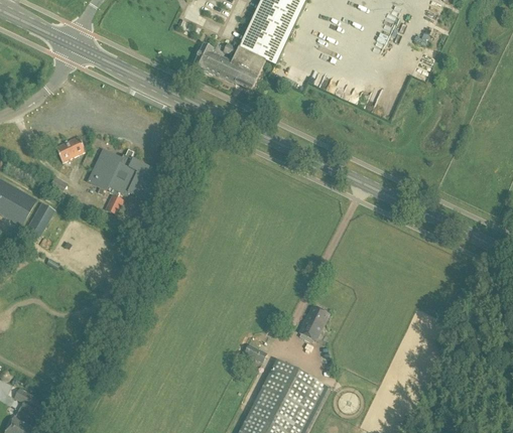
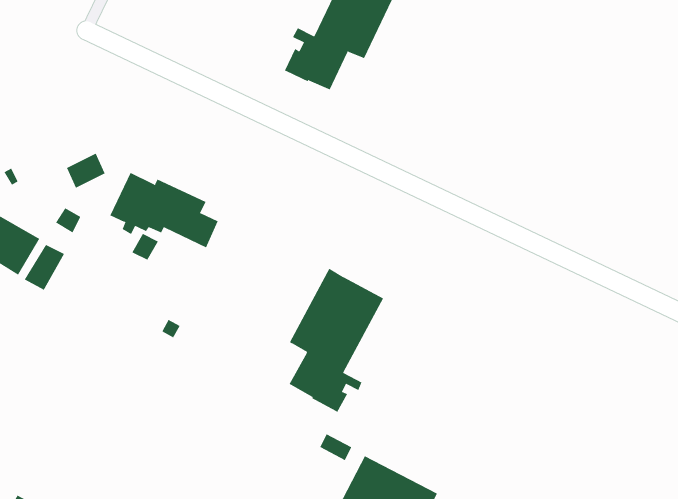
building: [193,44,224,75] -> none
building: none -> [289,268,384,413]
building: [297,306,326,340] -> none

